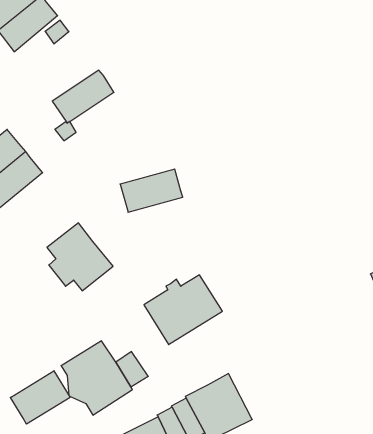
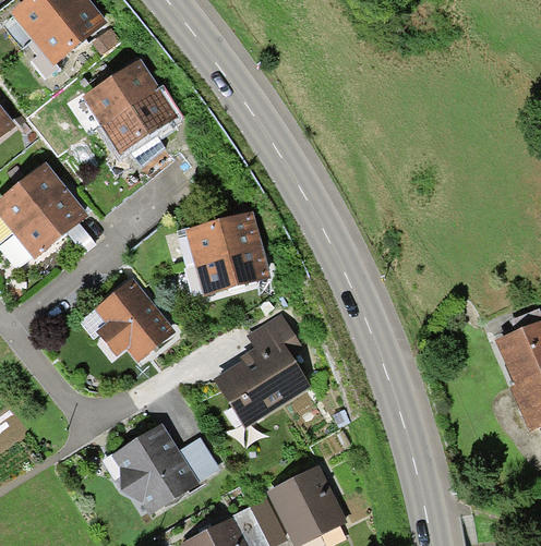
building: none -> [81,59,158,128]
building: none -> [194,246,270,296]
building: none -> [247,313,294,356]
building: [10,371,70,424] -> none

